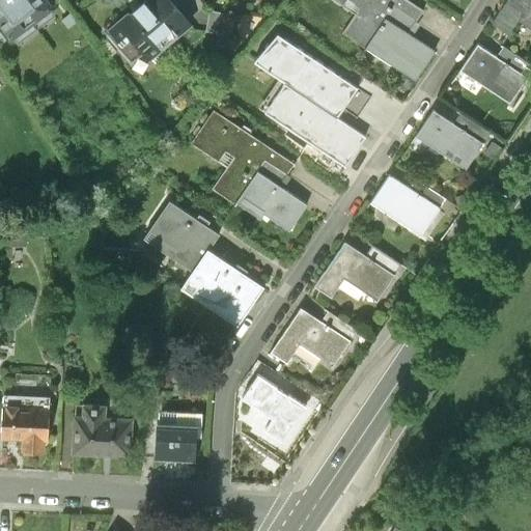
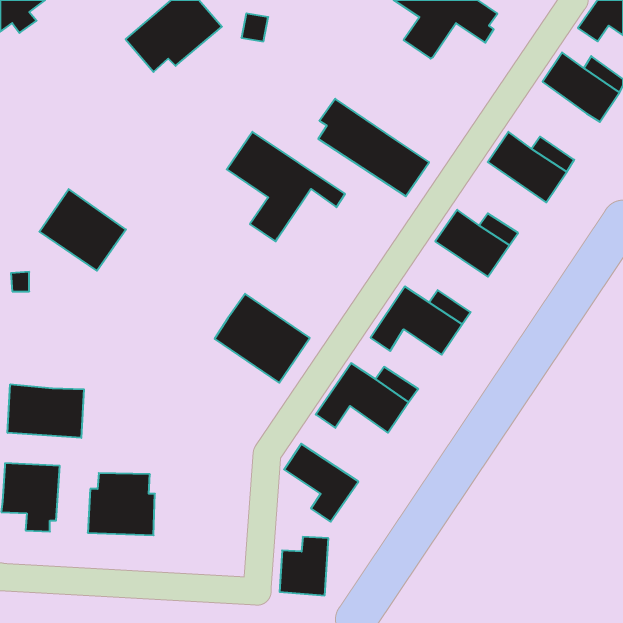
building: [368,20,434,80] -> none
building: [253,40,357,119] -> none
building: [236,170,308,231] -> none
building: [145,201,219,271] -> [39,189,126,271]
building: none -> [8,384,84,438]
building: [156,412,197,462] -> [280,537,328,595]

